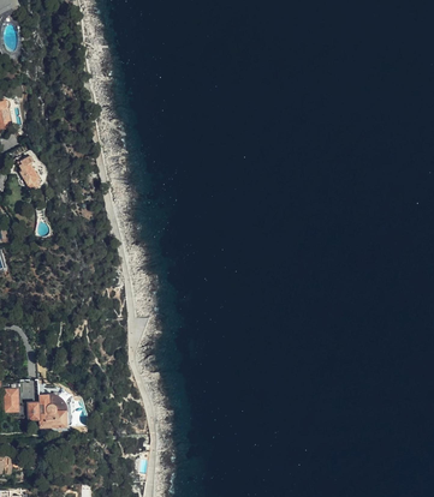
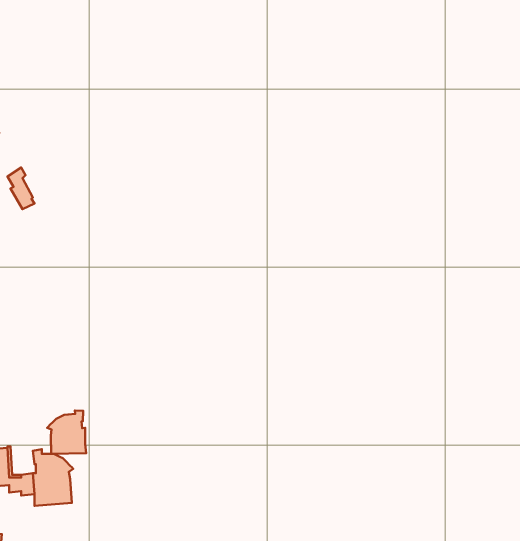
building: none -> [47,410,86,454]

